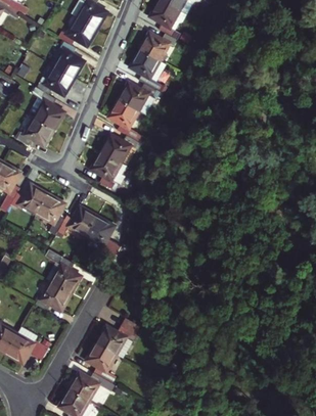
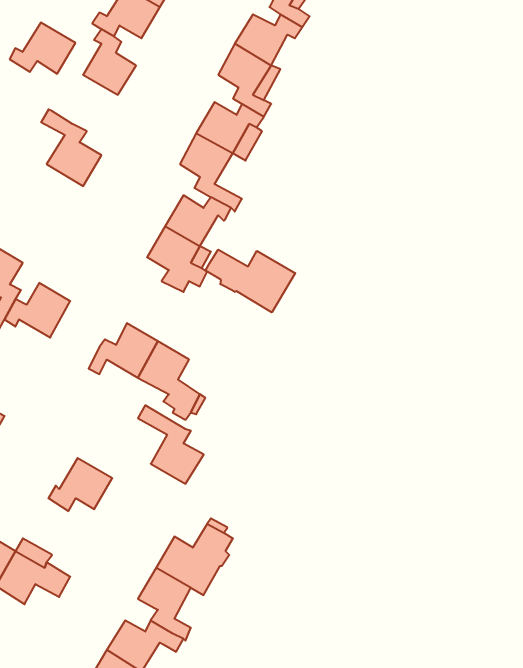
building: [36,66,73,95] -> [10,23,75,74]
building: [15,117,53,146] -> none
building: none -> [205,250,295,312]
building: [35,193,63,235] -> none
building: [43,248,80,292] -> [138,405,204,484]

